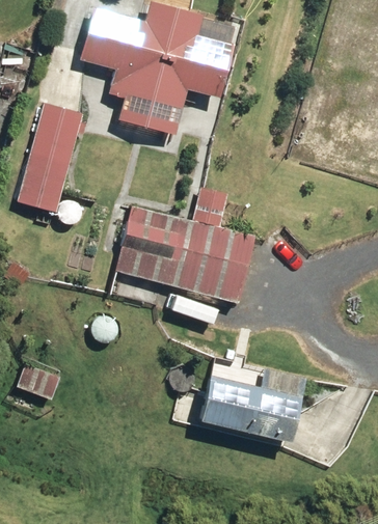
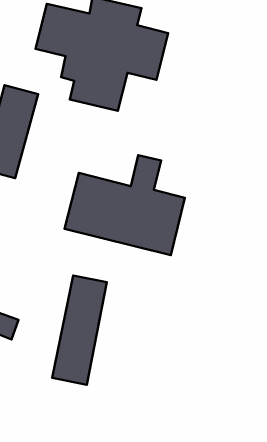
building: none -> [52,276,107,385]
building: [201,366,308,441] -> none

